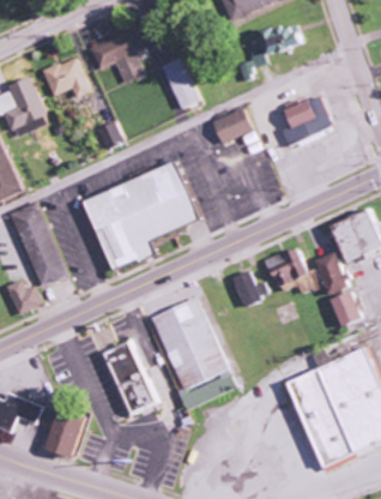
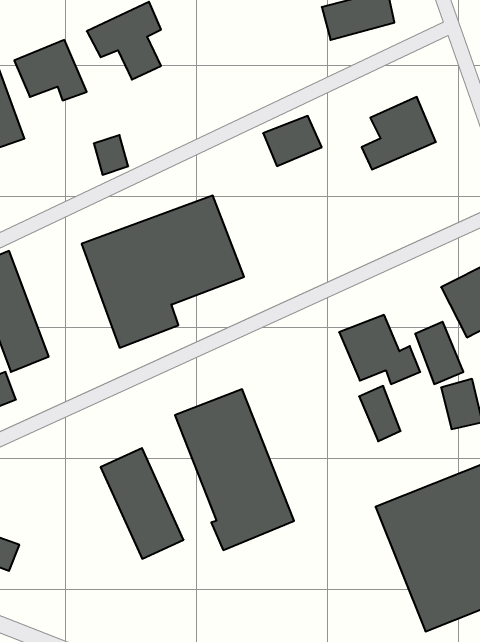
building: [161,56,194,107] -> none
building: [230,269,259,307] -> [359,386,401,441]
building: [47,407,84,456] -> none

